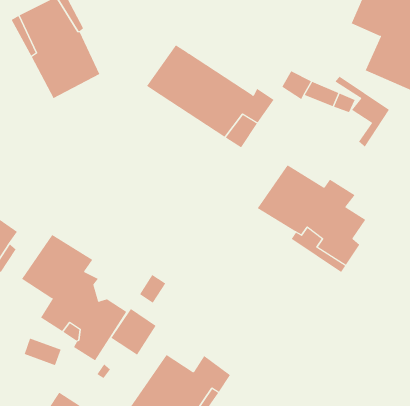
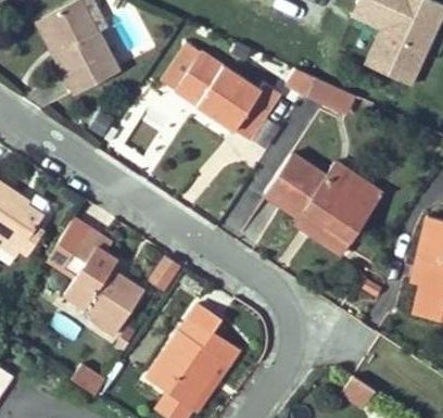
building: [335,76,390,148] -> [331,162,382,228]
building: [111,308,156,355] -> [180,302,223,345]

